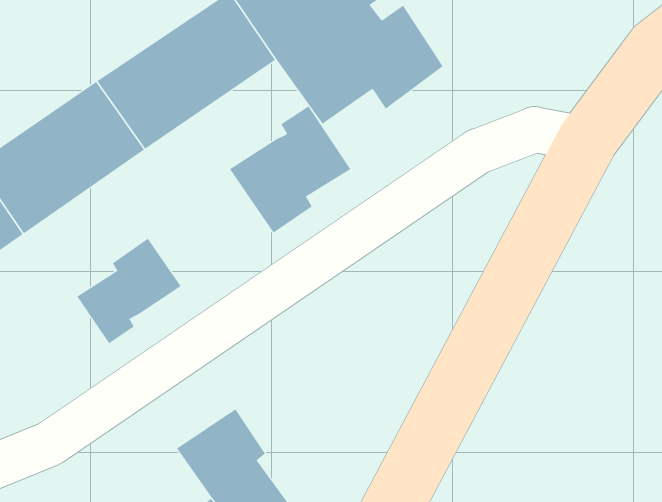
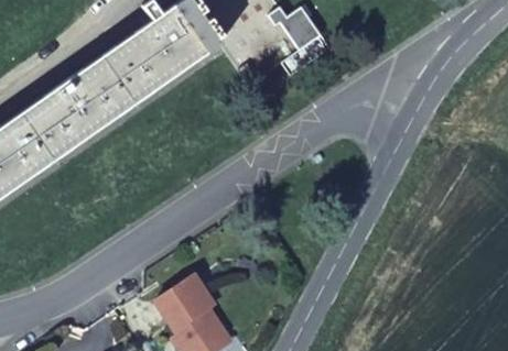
building: [229,105,351,234] -> none
building: [76,238,182,344] -> none

